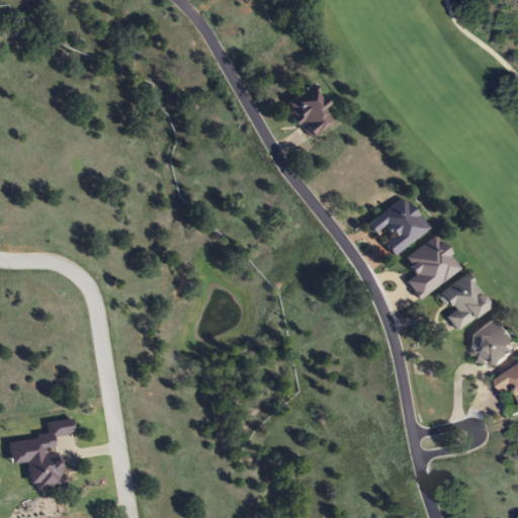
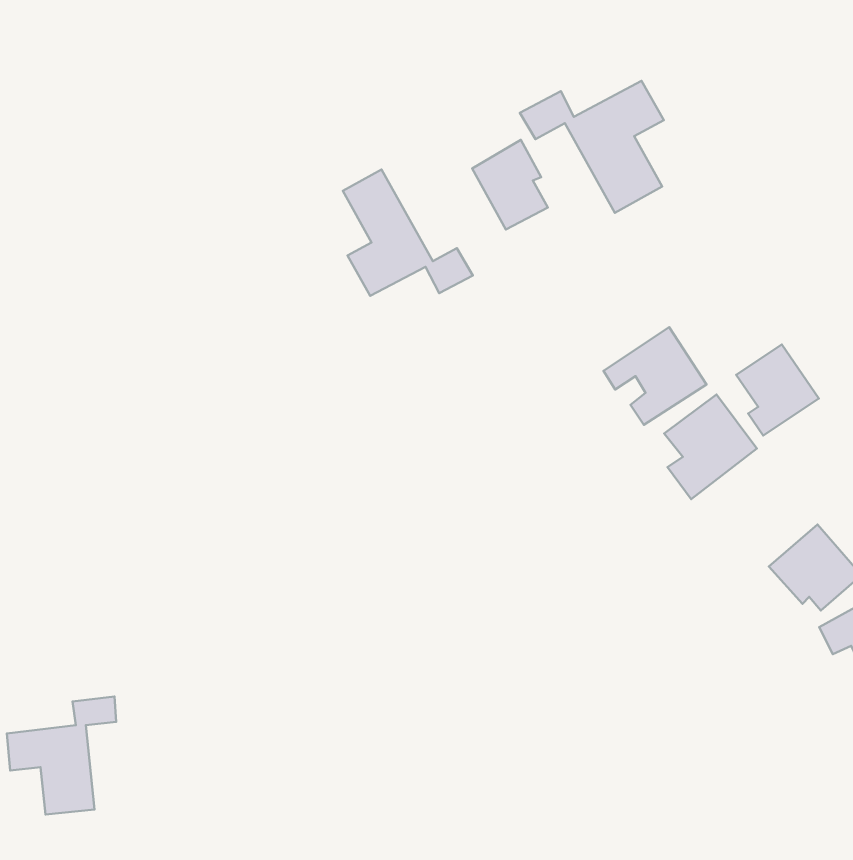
building: none -> [520,81,664,213]
building: none -> [343,169,473,296]
building: [439,275,489,330] -> [736,344,819,435]

